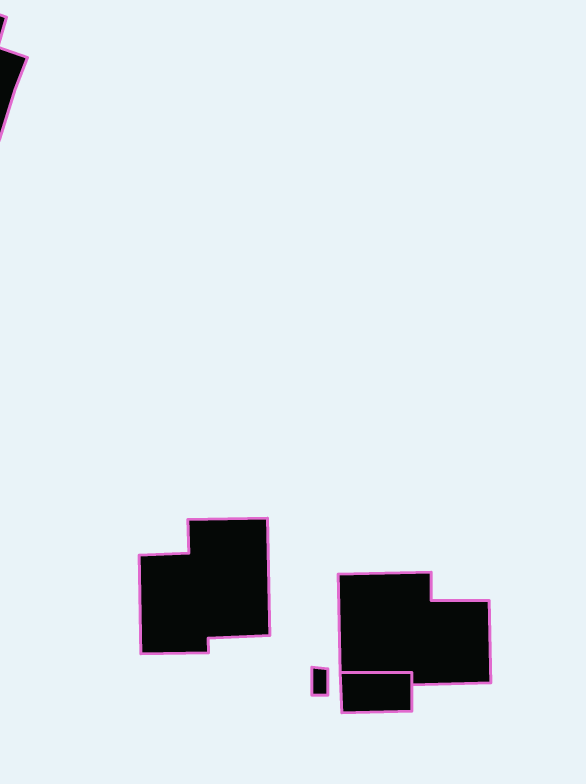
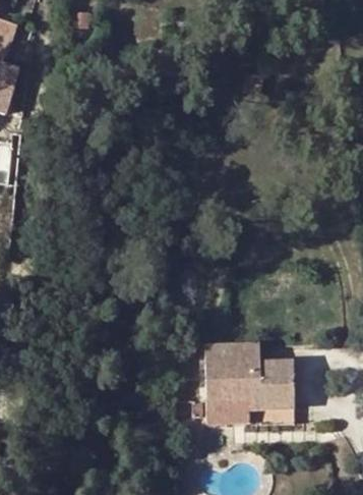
building: [139,518,270,654] -> none

